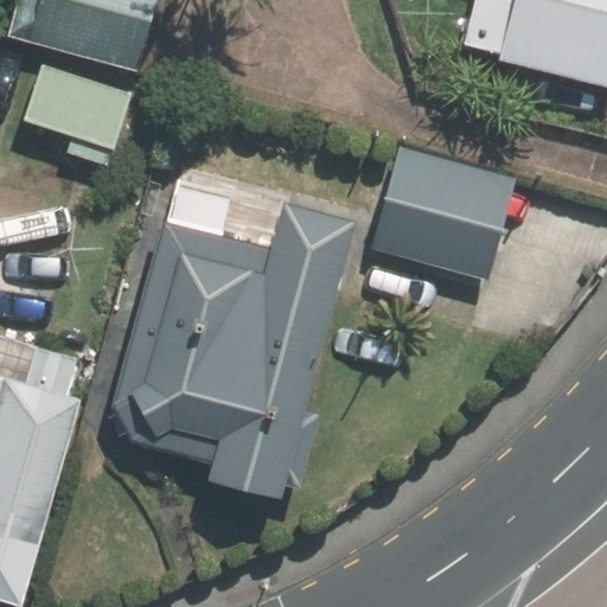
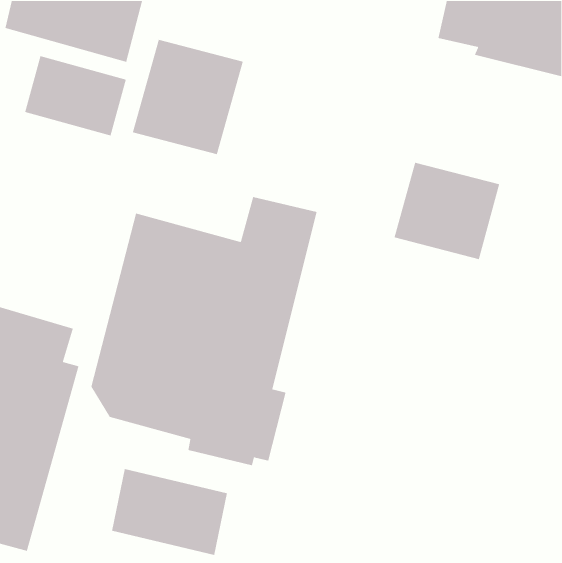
building: none -> [132,39,244,155]
building: none -> [111,468,228,556]

